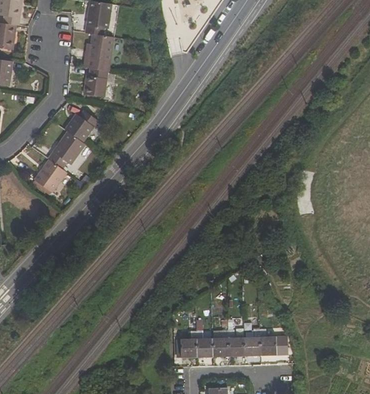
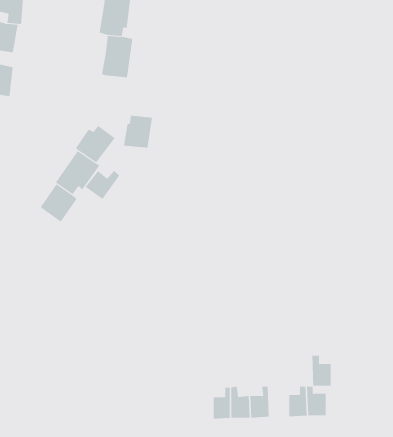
building: [83,68,108,96] -> [123,115,153,148]
building: none -> [85,170,120,200]
building: [227,330,244,356] -> [311,355,332,386]

